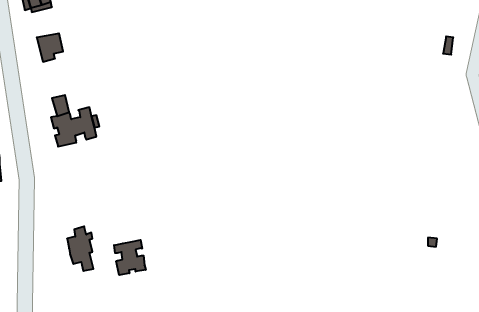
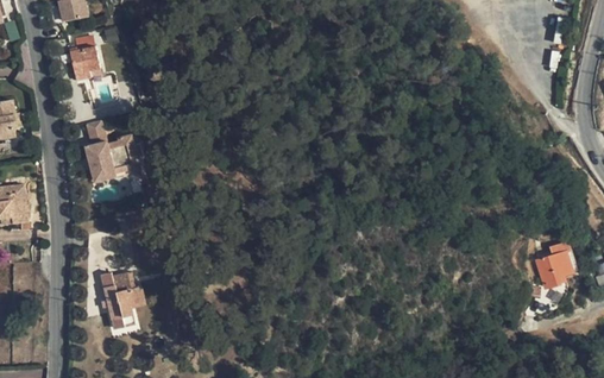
building: none -> [535,241,577,288]
building: [114,240,146,275] -> none

